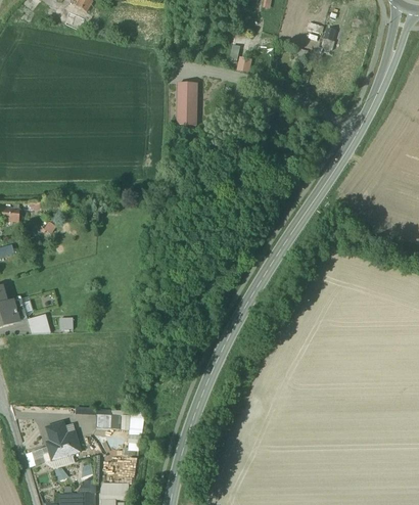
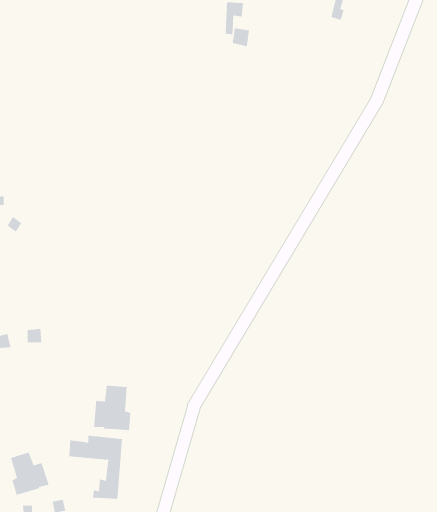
building: [177,82,196,125] -> none
building: none -> [93,385,131,431]

